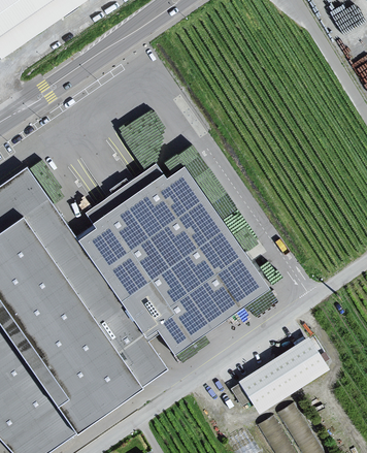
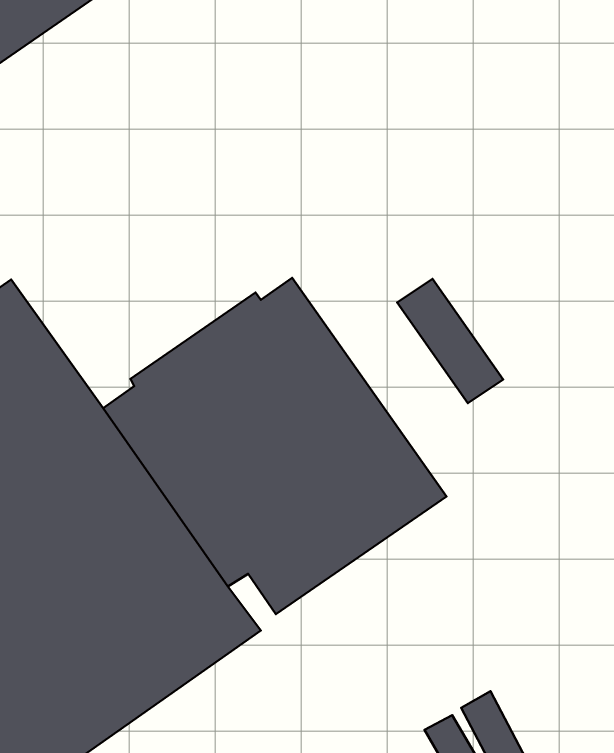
building: none -> [397,279,503,403]
building: [229,334,329,410] -> none

